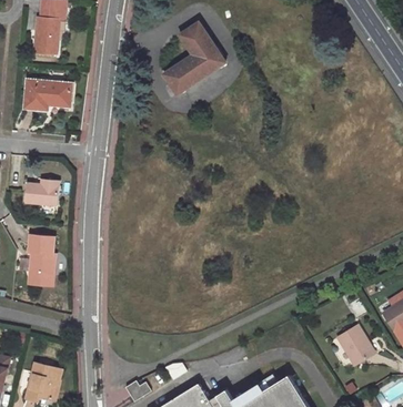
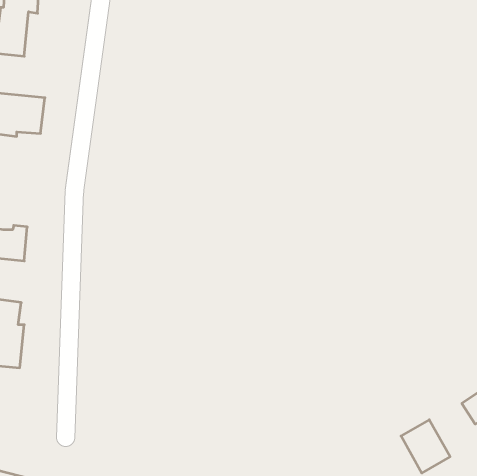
building: [163,22,224,94] -> none

